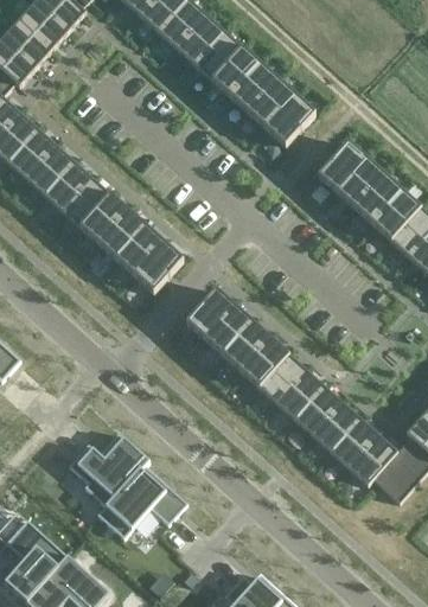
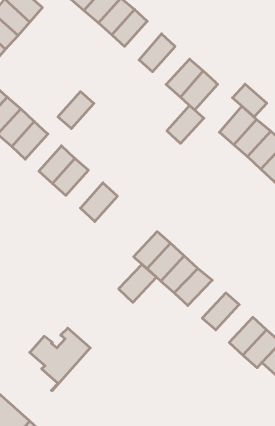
building: [193,30,242,81] -> none
building: [230,63,279,113] -> [167,106,204,143]
building: none -> [232,84,267,117]
building: [63,178,110,226] -> [58,92,94,129]
building: [116,225,165,275] -> none
building: [186,289,236,339] -> [119,265,156,302]
building: [276,370,326,420] -> none
building: [313,402,362,452] -> none
building: [98,459,187,537] -> none

